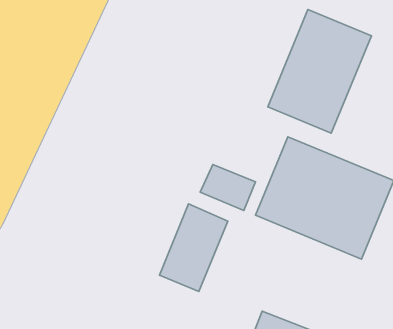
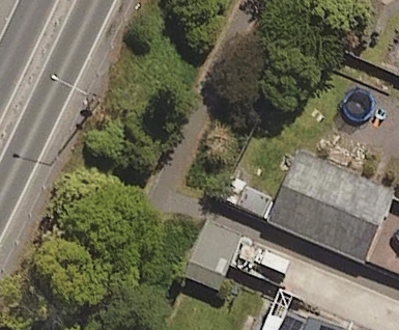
building: [268,9,371,133] -> none

